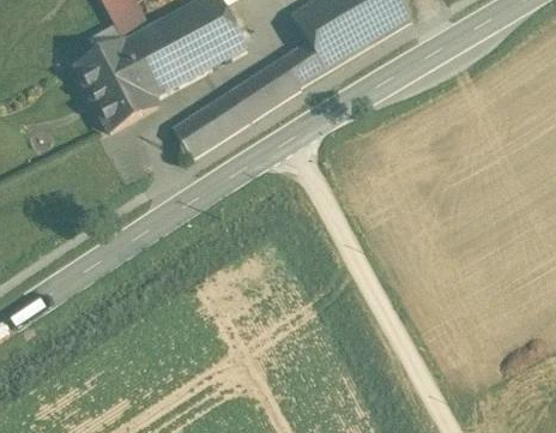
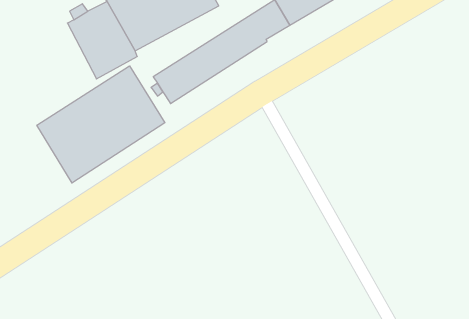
building: none -> [37,66,165,183]

